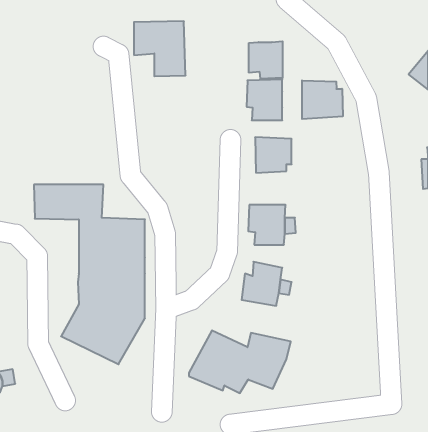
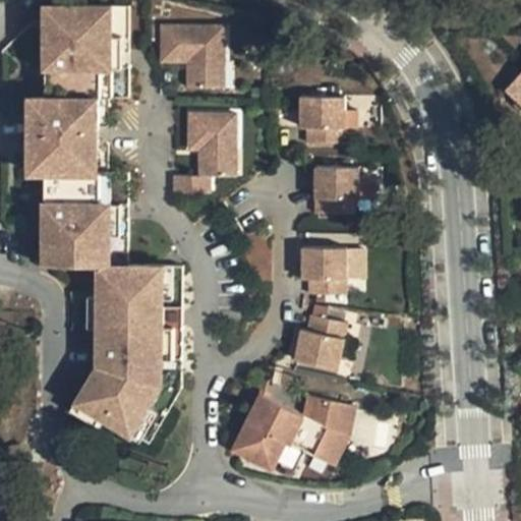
building: none -> [26,6,124,222]
building: [249,41,283,79] -> none
building: [302,80,343,119] -> none
building: none -> [168,111,233,192]

